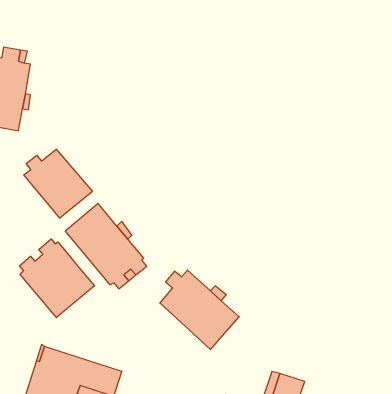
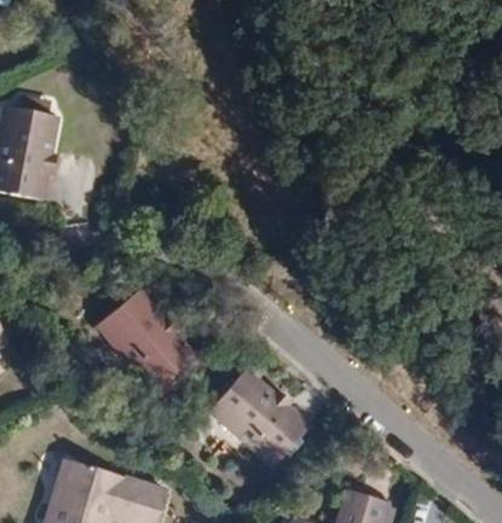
building: [24,149,92,218] -> none
building: [20,239,95,318] -> none

